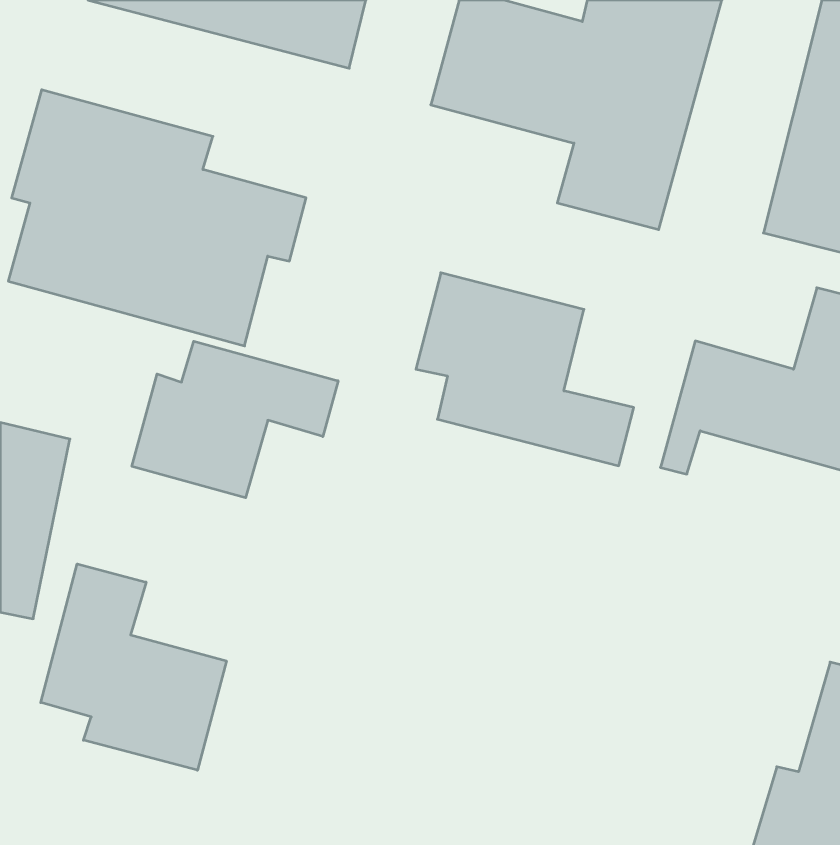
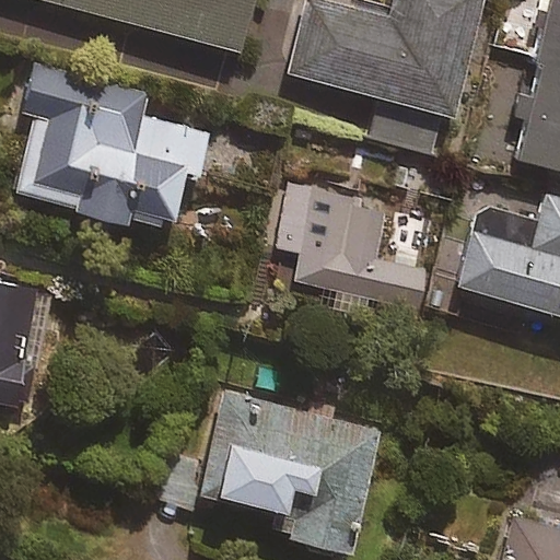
building: [132,341,338,498] -> none
building: [41,564,226,770] -> none
building: none -> [199,390,381,551]

